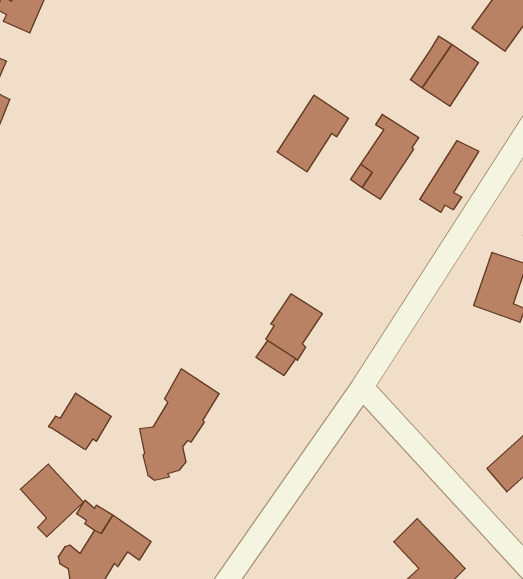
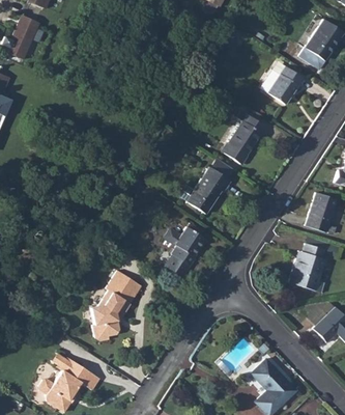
building: [277,95,349,172] -> [189,162,233,210]
building: [420,141,479,212] -> none
building: none -> [286,245,322,292]
building: [49,393,111,450] -> none
building: [20,464,83,537] -> none

